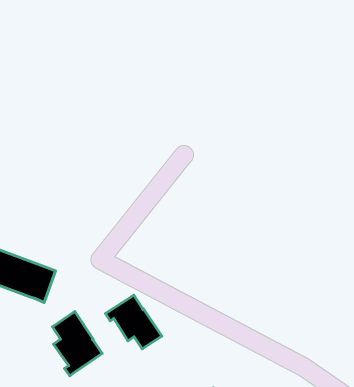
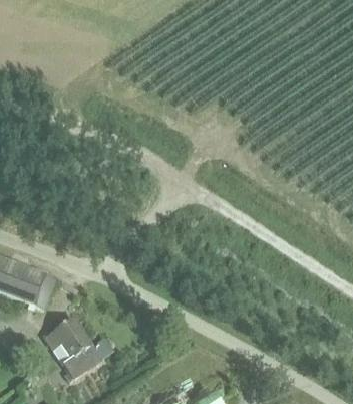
building: [105,295,162,349] -> none

